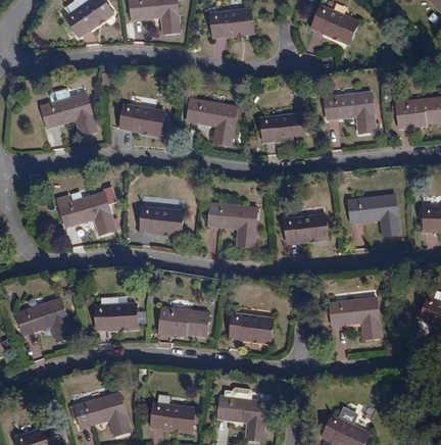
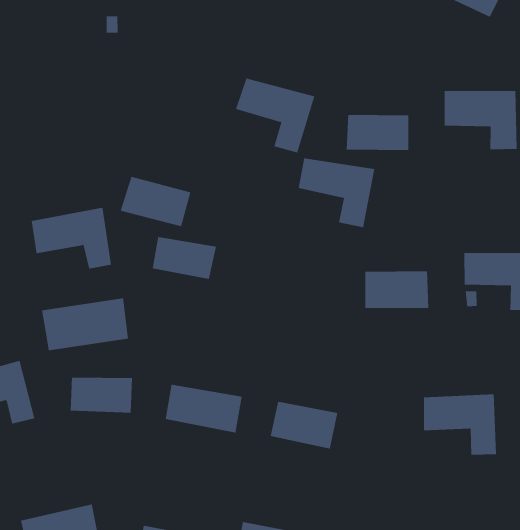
building: [42,89,98,135] -> none
building: [120,103,166,134] -> [120,176,191,227]
building: [208,204,258,247] -> [298,158,375,228]
building: none -> [42,297,128,351]

